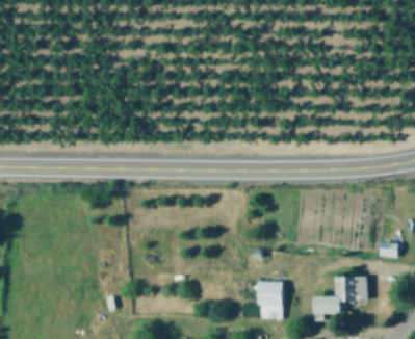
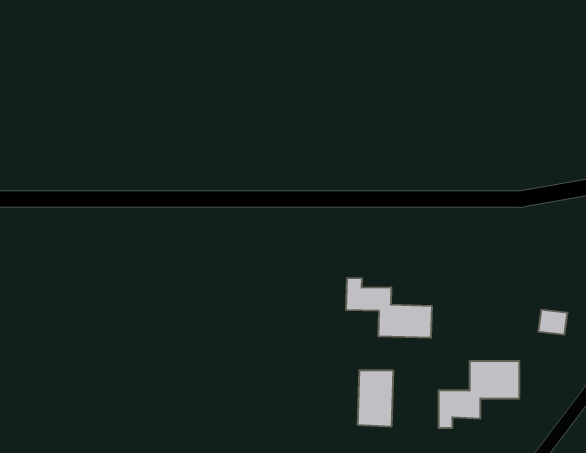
building: none -> [346,278,432,338]

